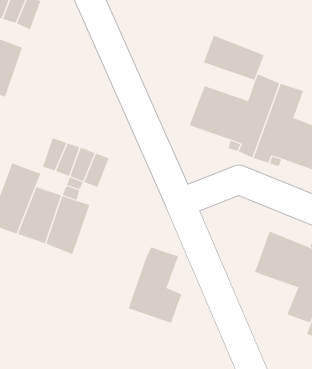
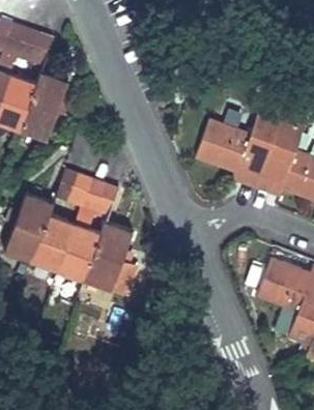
building: [203,35,265,80] -> none
building: none -> [20,71,67,140]
building: [128,247,182,324] -> [84,222,136,295]

